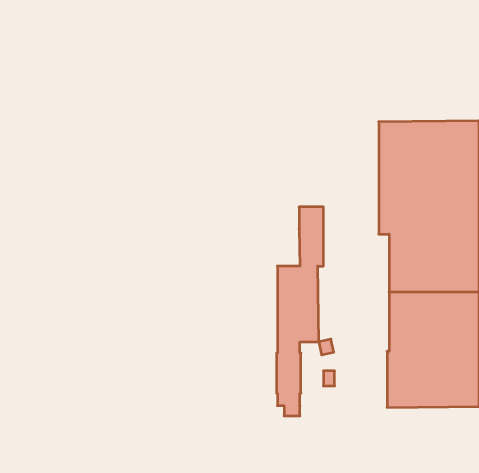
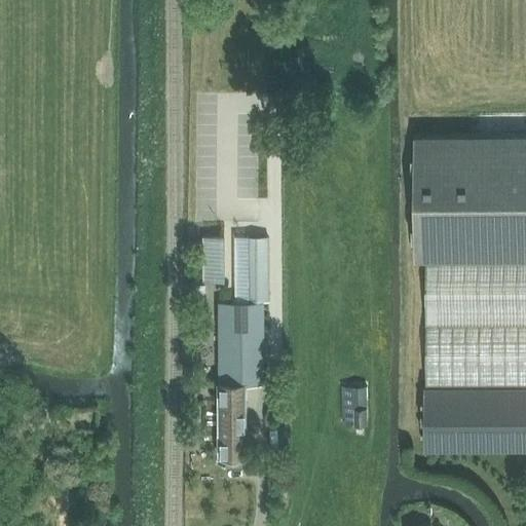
building: [277,207,323,416] -> [217,242,268,472]

